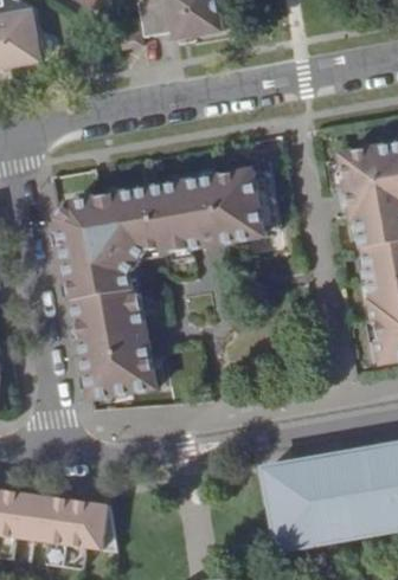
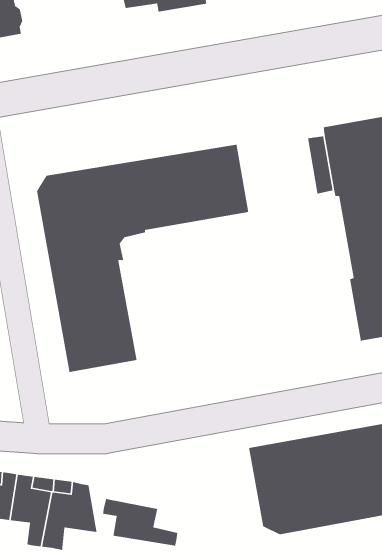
building: none -> [102,498,178,546]

